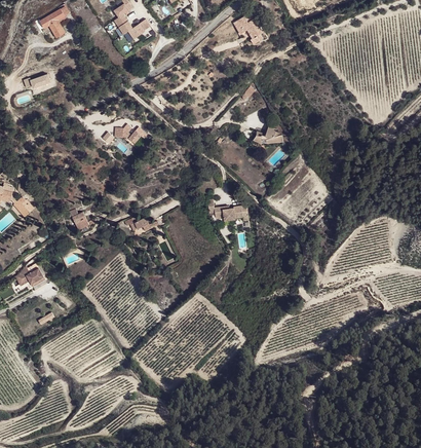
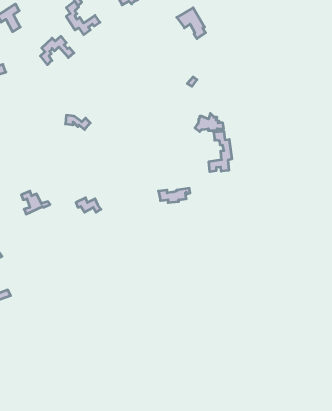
building: none -> [40,36,74,65]
building: none -> [209,131,232,172]

